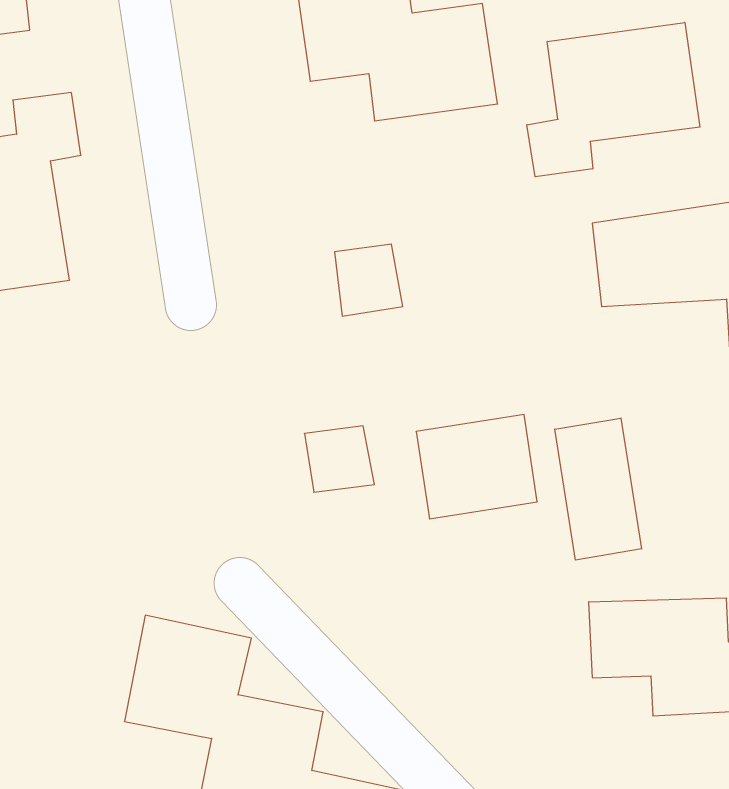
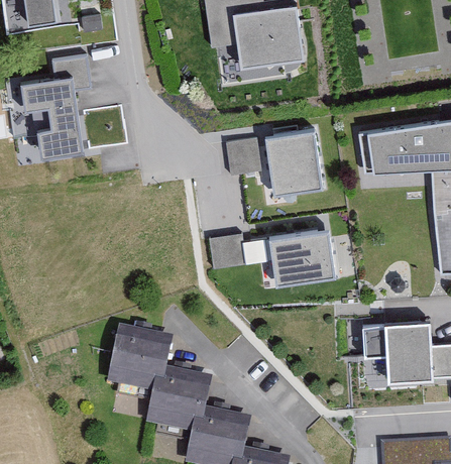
building: [527,22,700,177] -> none
building: none -> [263,127,321,194]
building: [555,418,642,560] -> none

